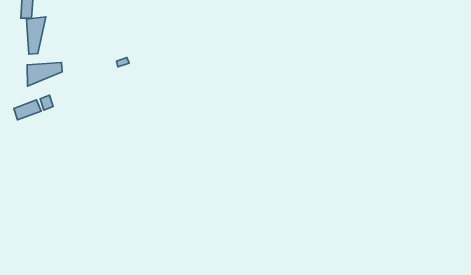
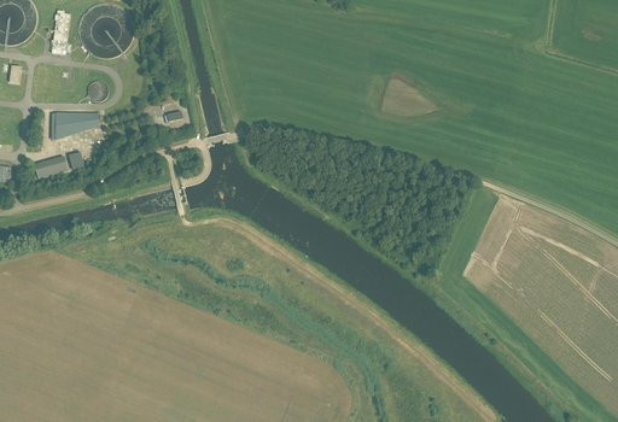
building: [26,17,46,54] -> none

